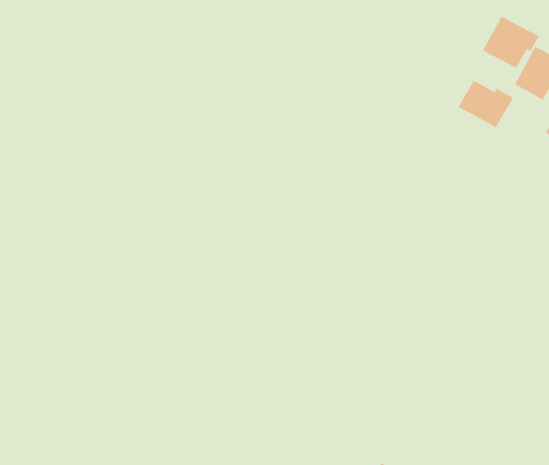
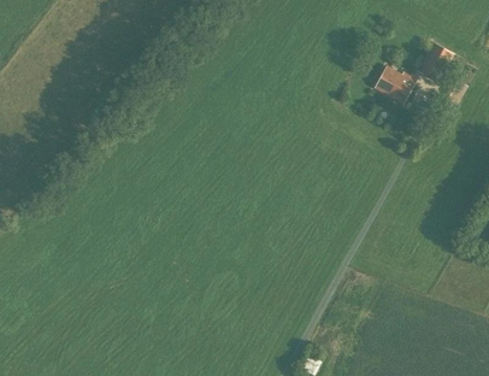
building: [482,16,540,69] -> none

